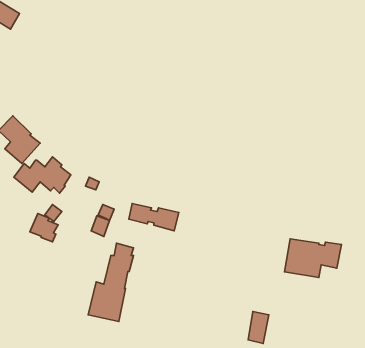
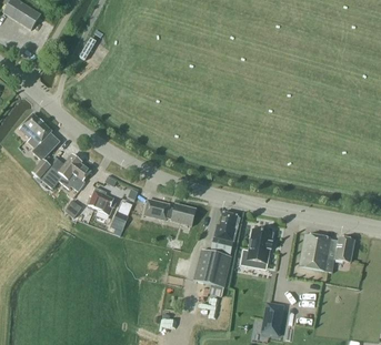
building: [30,214,58,242] -> [87,186,114,214]
building: none -> [247,229,272,263]
building: [88,243,134,322] -> [194,211,239,287]

